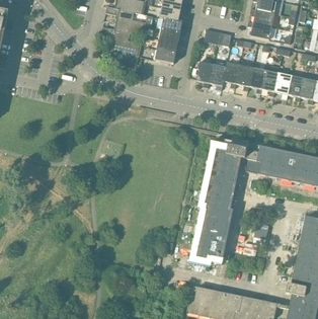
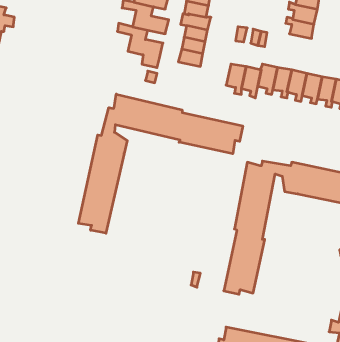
building: none -> [78,94,243,233]

